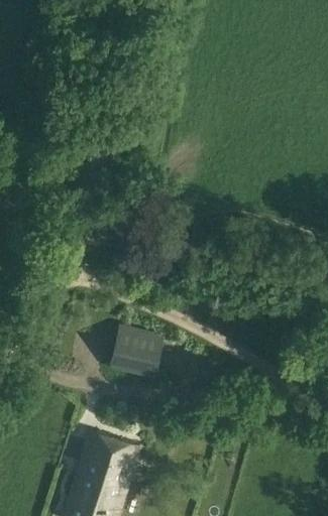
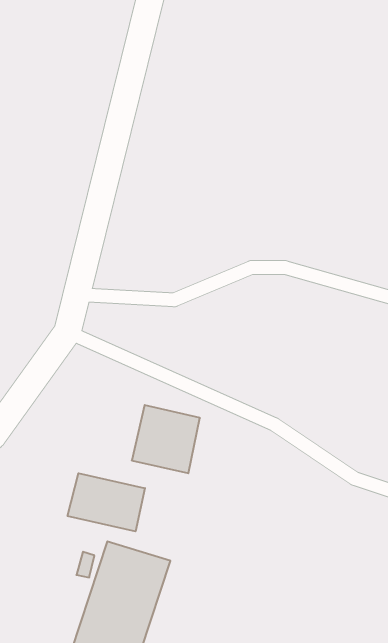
building: none -> [68,473,145,531]

